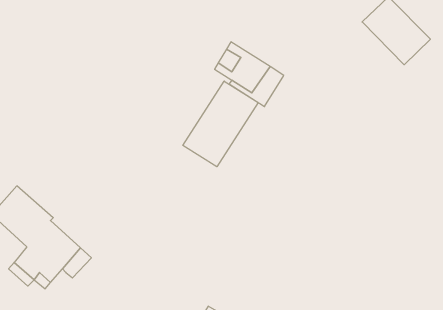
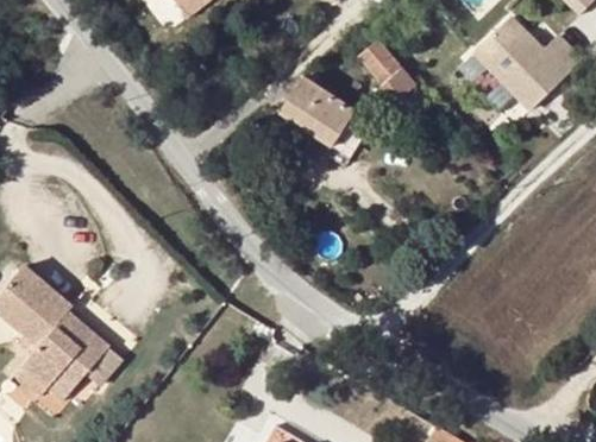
building: none -> [358,39,414,108]
building: [183,81,258,167] -> none

